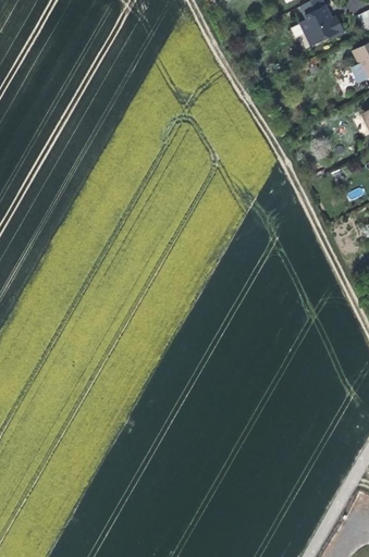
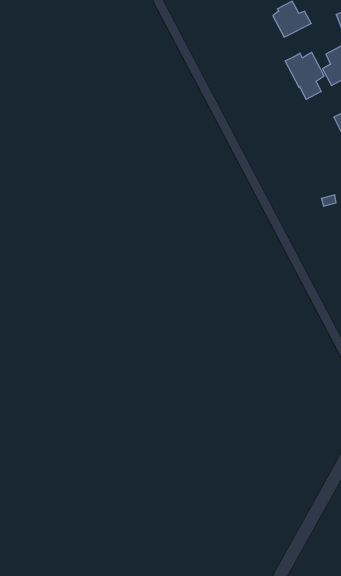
building: none -> [285,52,324,99]

